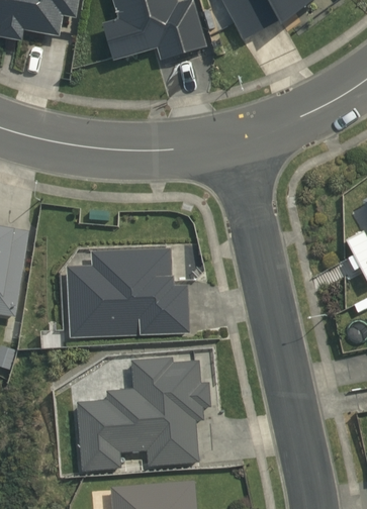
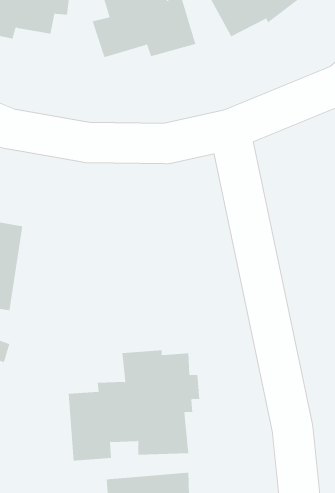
building: [64,247,188,336] -> none

